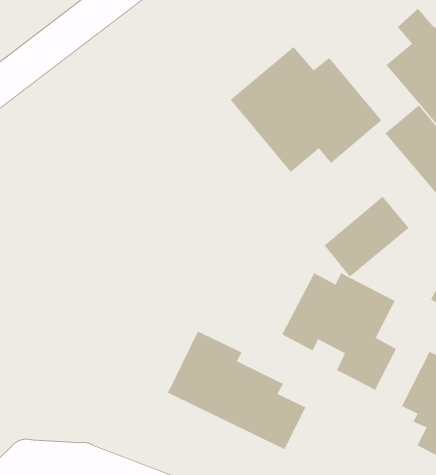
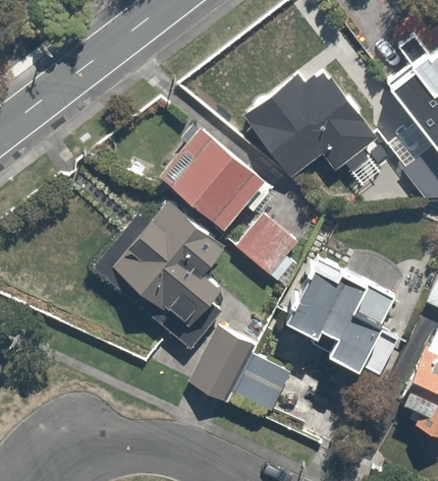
building: none -> [163,127,295,285]
building: none -> [112,201,241,335]
building: [324,196,410,277] -> none

